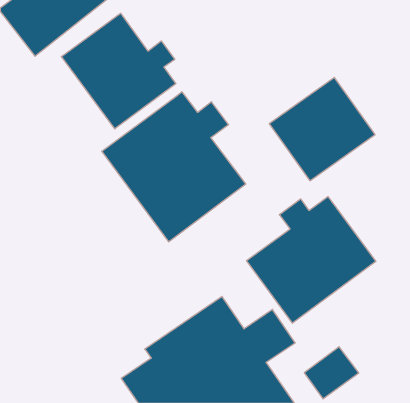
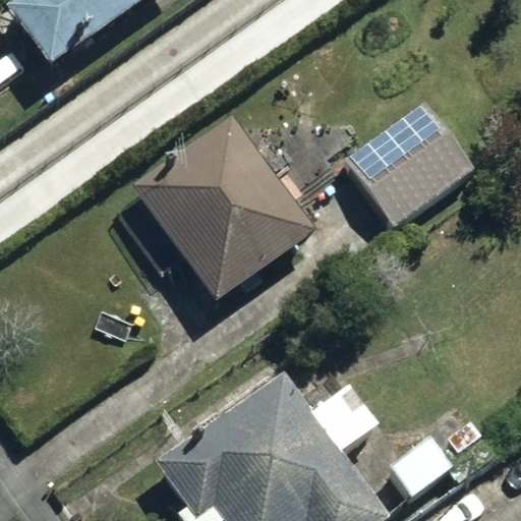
building: [61,13,176,129] -> none
building: [247,197,376,323] -> none

